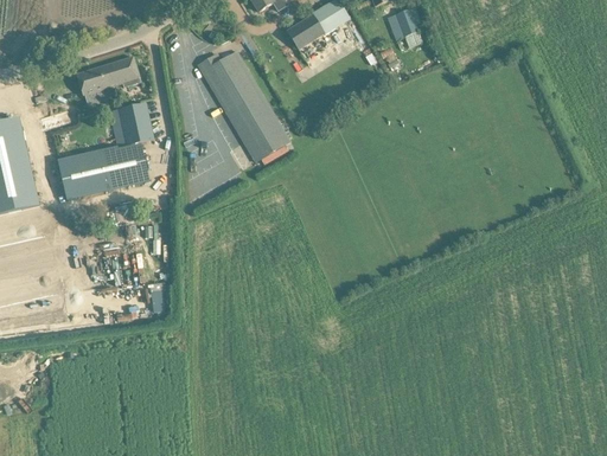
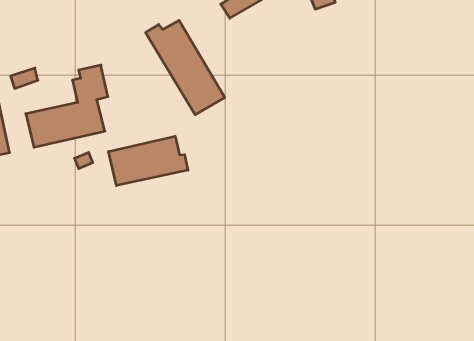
building: [76,57,140,103] -> none
building: none -> [109,136,188,186]

